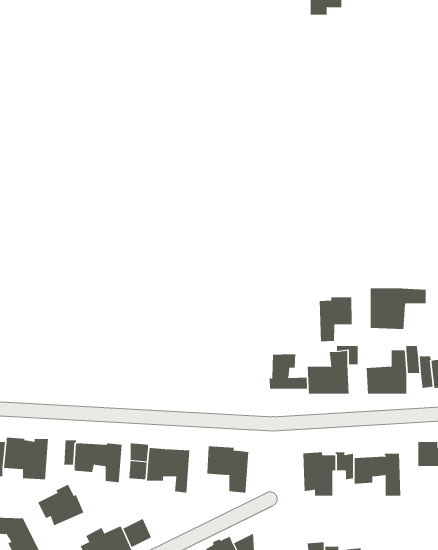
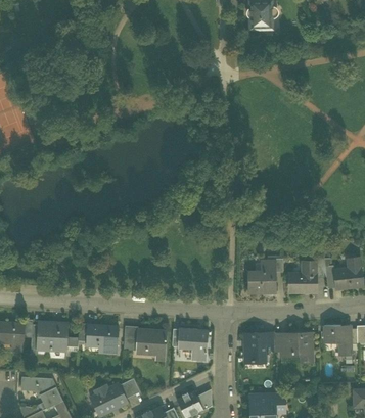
building: [370,288,426,330] -> none
building: [319,297,352,342] -> none
building: [269,353,308,389] -> none
building: [38,484,84,526] -> none

